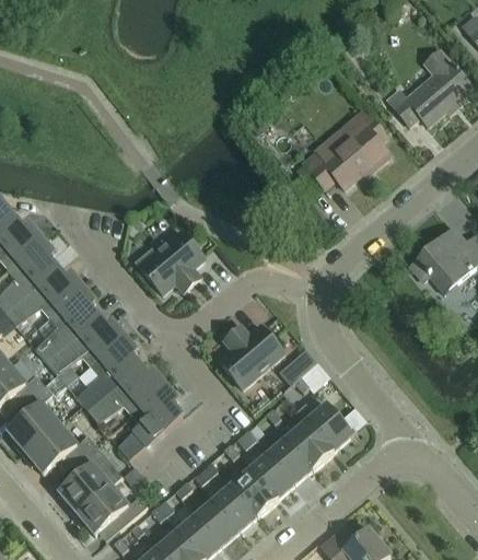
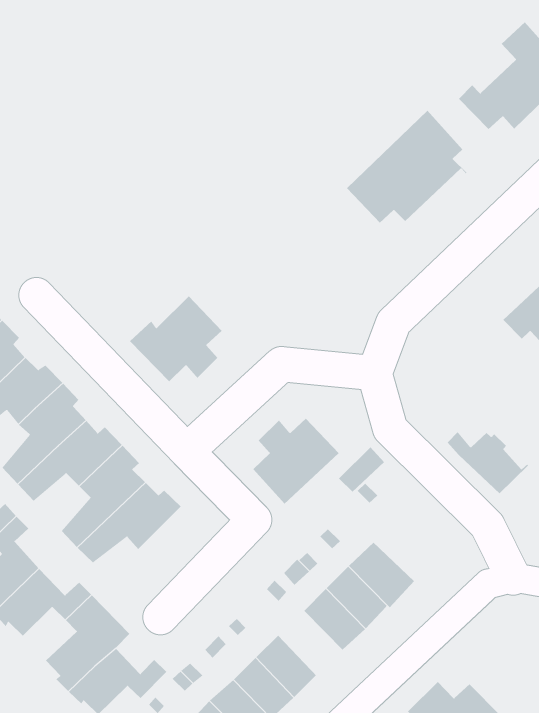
building: [118,385,183,459] -> none
building: [298,402,357,451] -> [447,431,529,494]
building: [231,467,278,516] -> none

